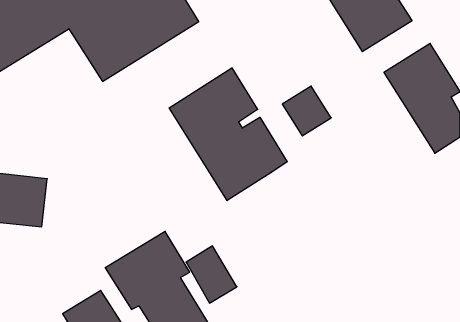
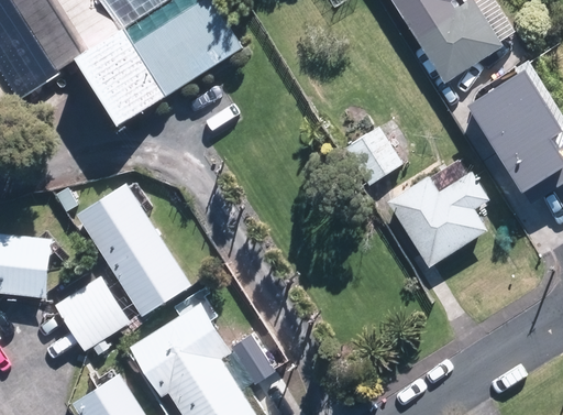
building: [169,68,287,201] -> none
building: none -> [385,160,485,266]
building: none -> [80,183,192,315]
building: none -> [56,275,131,350]

